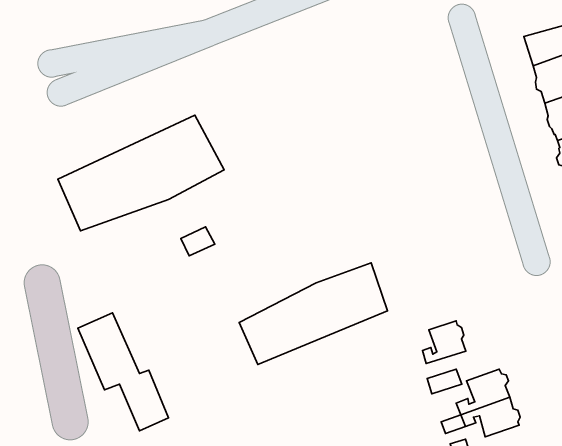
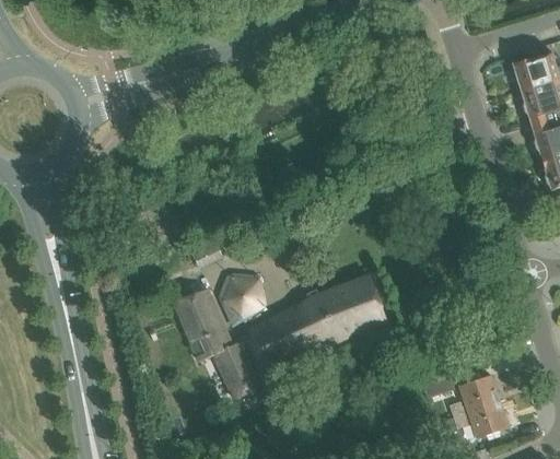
building: [58,115,224,231] -> none
building: none -> [226,279,267,318]
building: [78,313,169,431] -> [175,287,260,398]
building: [423,321,466,363] -> none

